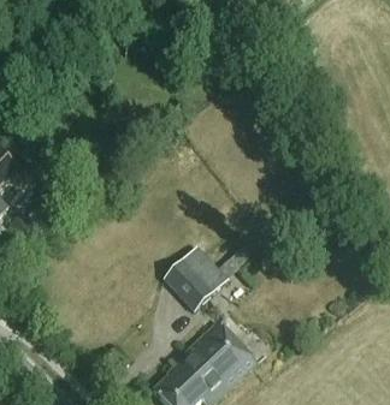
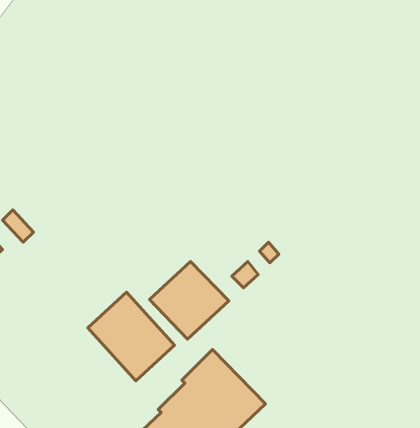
building: none -> [88,292,174,381]

